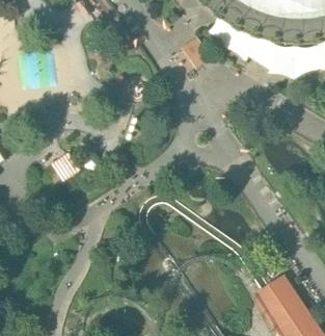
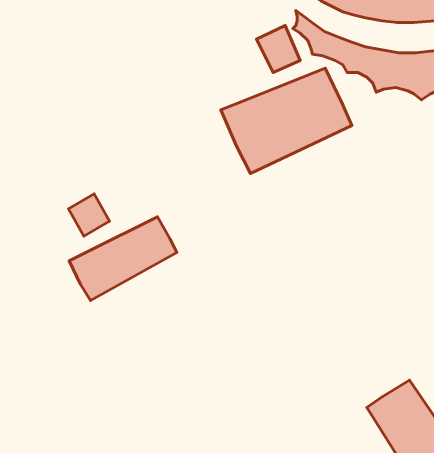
building: none -> [221,68,352,173]
building: none -> [69,217,177,300]

